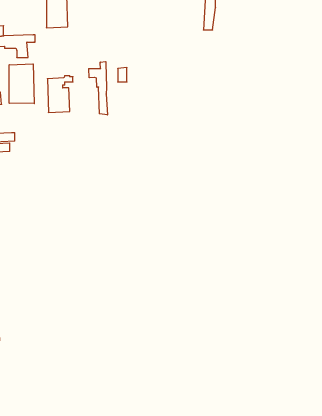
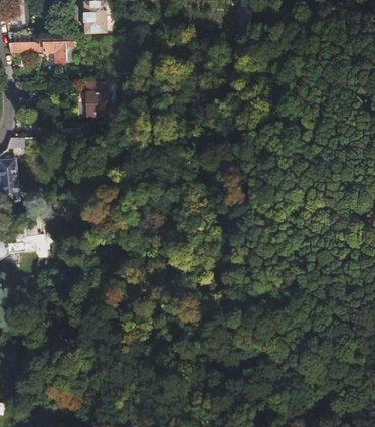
building: [89,62,107,115] -> none
building: [9,64,34,104] -> none

